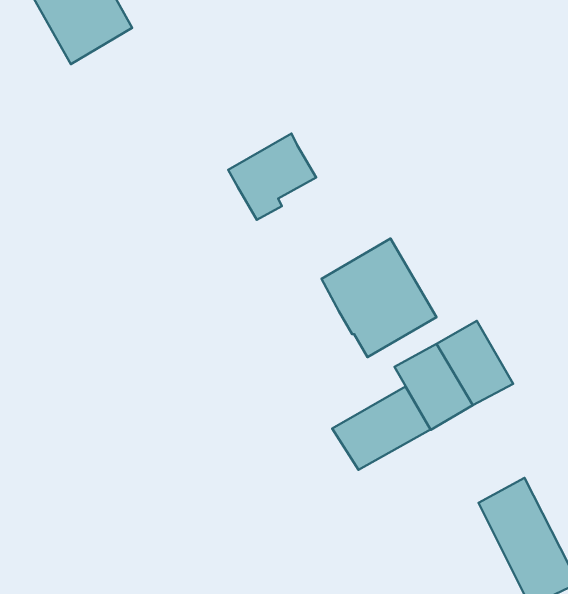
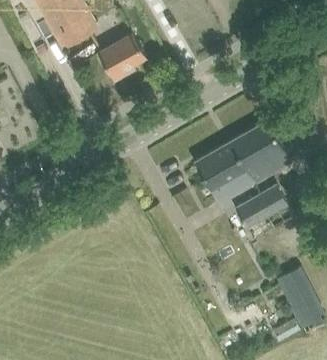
building: [228,134,316,220] -> [99,33,145,78]
building: none -> [231,119,291,181]
building: [332,386,431,470] -> none

